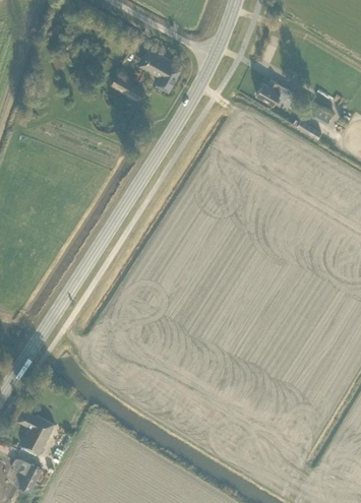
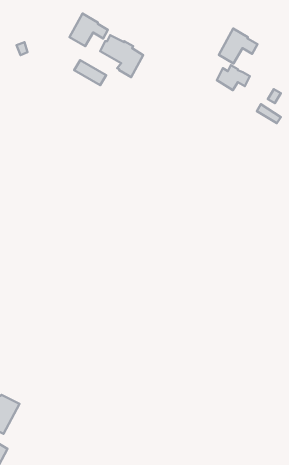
building: none -> [70,14,108,46]
building: none -> [219,29,257,63]

